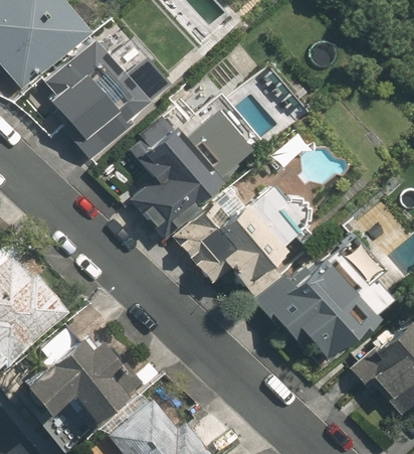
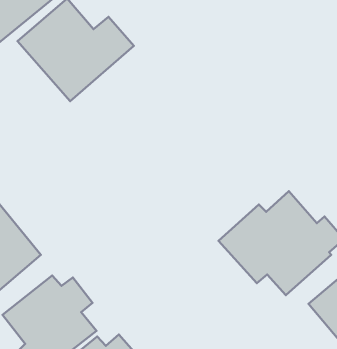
building: [130,105,256,231] -> none
building: [174,185,307,287] -> none

